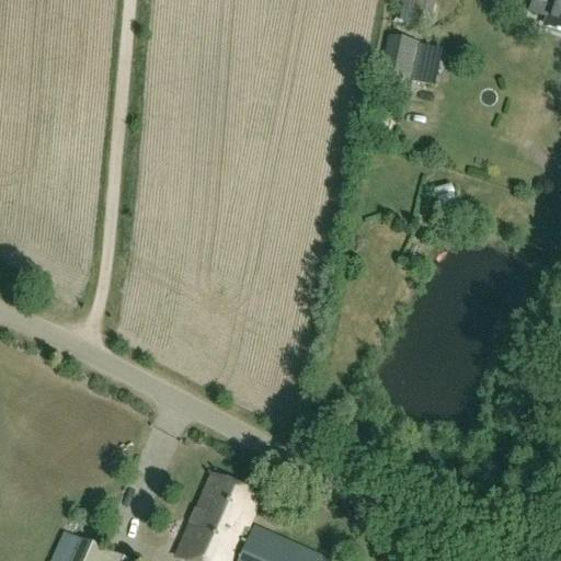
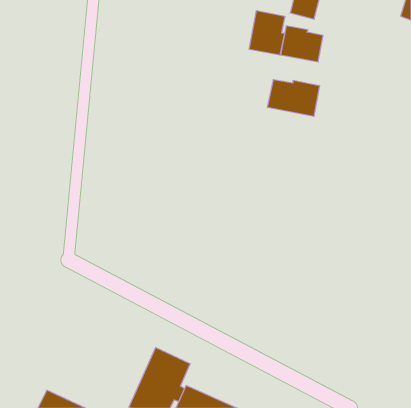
building: none -> [249,11,285,55]
building: none -> [268,79,320,116]

